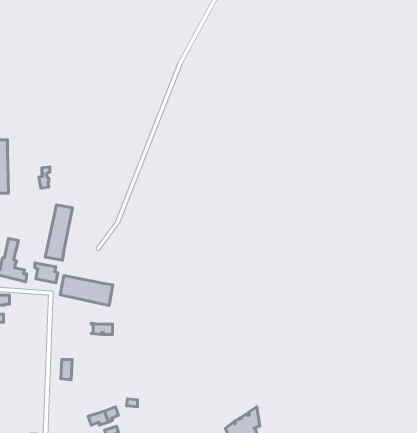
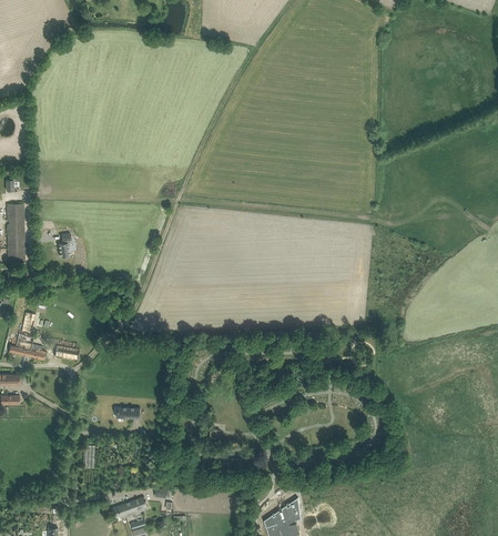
building: [45,205,72,260] -> none
building: [60,275,113,305] -> none

